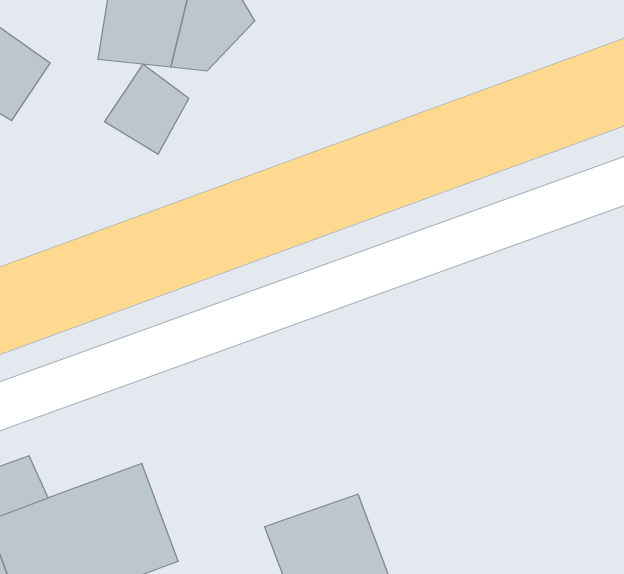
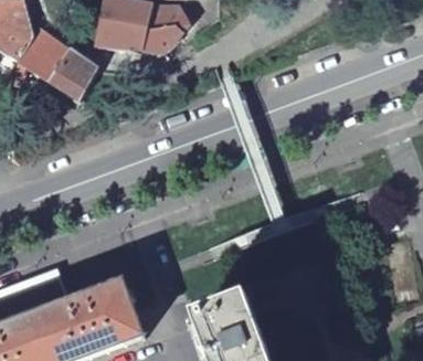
building: [105,64,189,154] -> [47,49,96,100]

